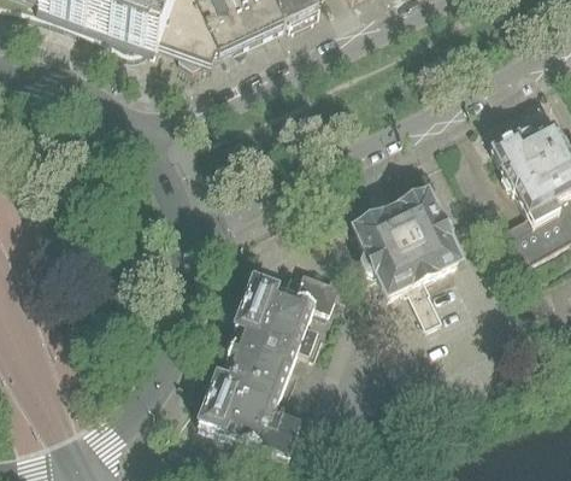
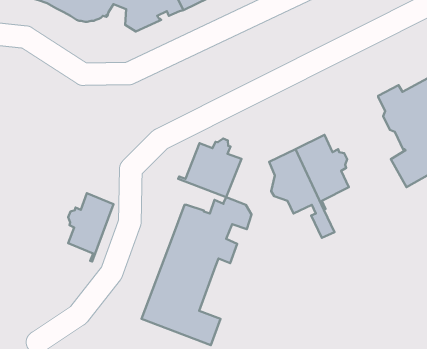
building: none -> [178,138,241,197]
building: none -> [68,193,114,262]

